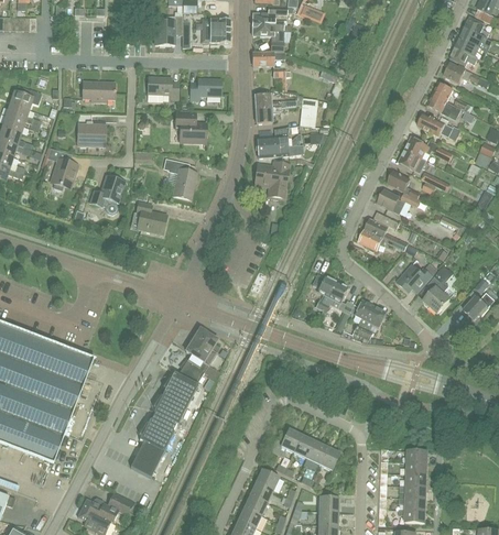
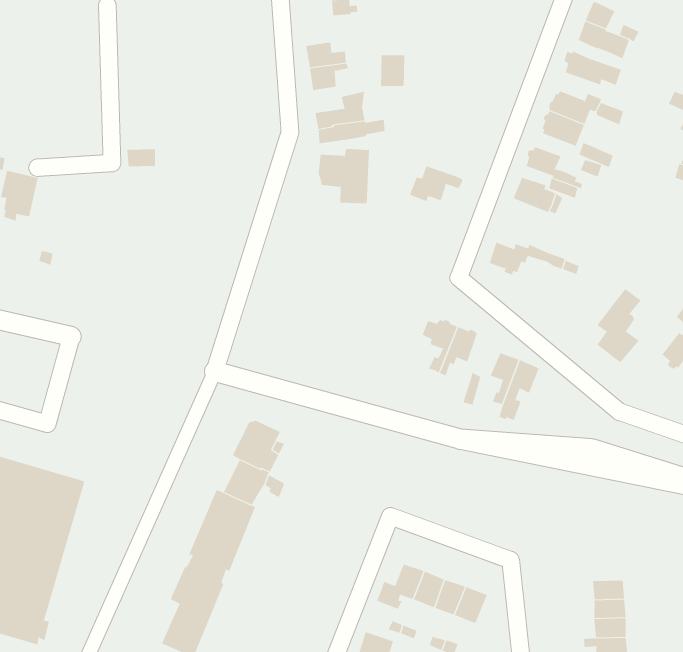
building: [147,76,177,97] -> none
building: [191,77,220,98] -> none
building: [82,79,115,100] -> none
building: [174,111,206,141] -> none
building: [77,119,105,144] -> none
building: [163,157,197,198] -> none
building: [89,175,122,214] -> none
building: [135,200,166,233] -> none
building: [364,210,399,233] -> [409,166,463,202]
building: [395,261,436,291] -> none

